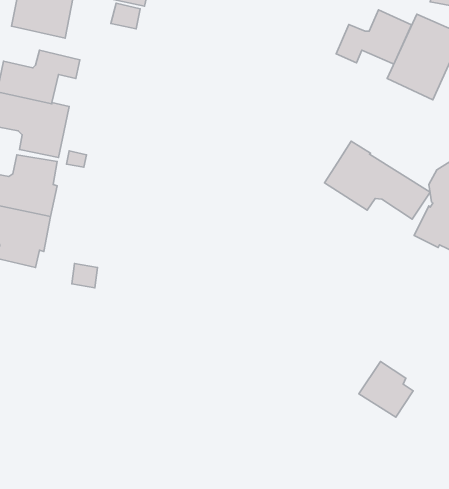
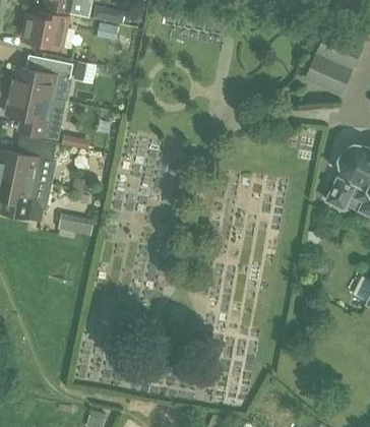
building: [336,10,411,64] -> none
building: [325,141,430,219] -> none
building: [359,362,413,417] -> none

